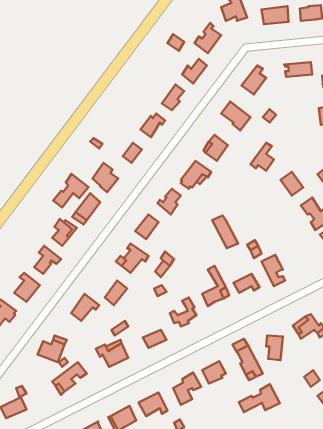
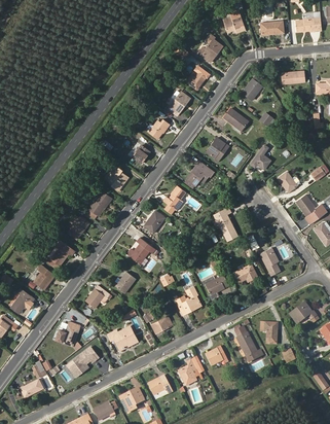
building: [53,174,89,208] -> none
building: [239,384,280,412] -> none

